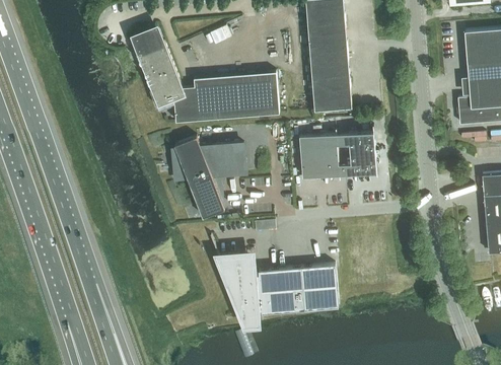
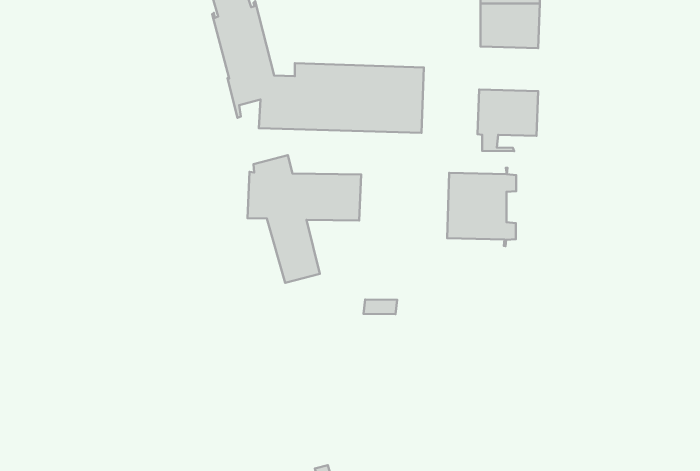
building: [310,51,350,81] -> none
building: [342,126,378,175] -> none
building: [210,234,338,317] -> none

